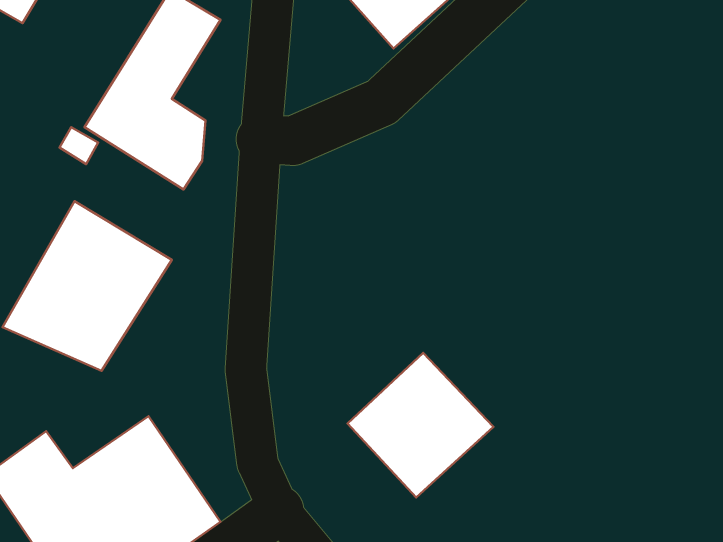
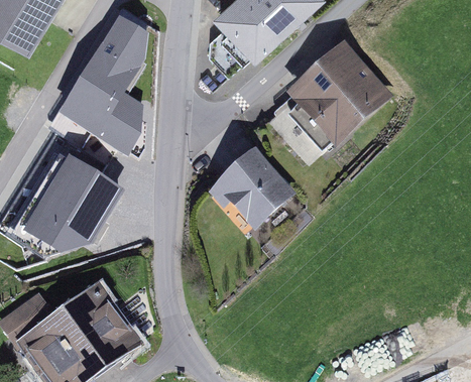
building: none -> [268,42,388,161]
building: [348,353,494,497] -> [209,150,297,237]

